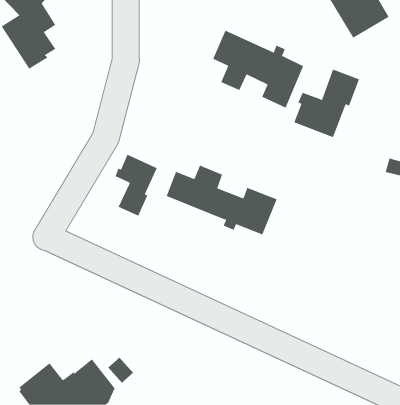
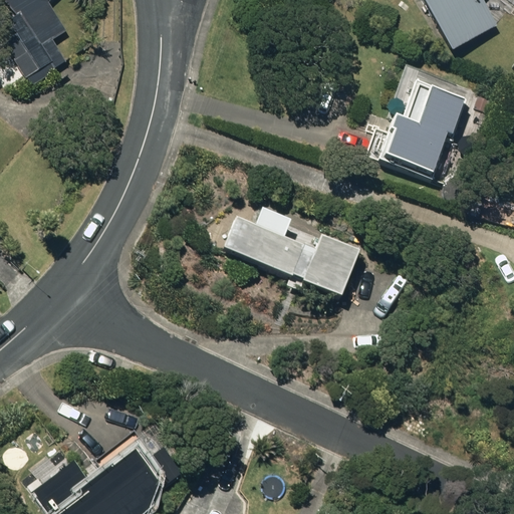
building: [213,30,304,109] -> none
building: [115,154,157,217] -> none

